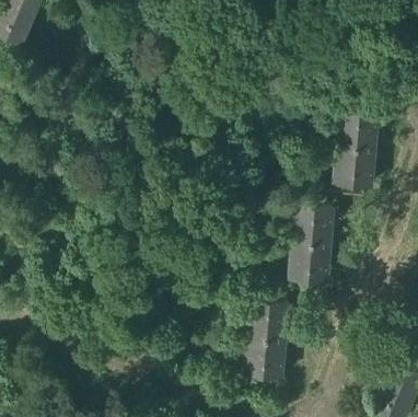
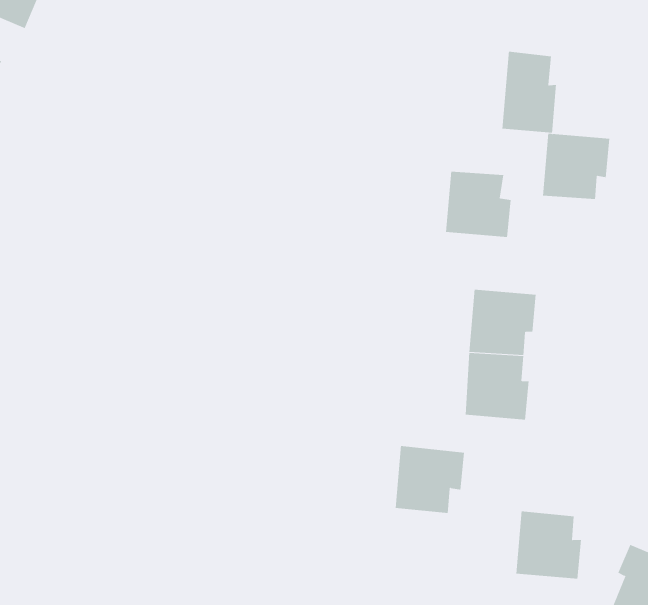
building: none -> [502,51,556,134]
building: [335,150,375,190] -> [445,171,511,238]
building: [245,340,286,382] -> [515,511,582,579]

